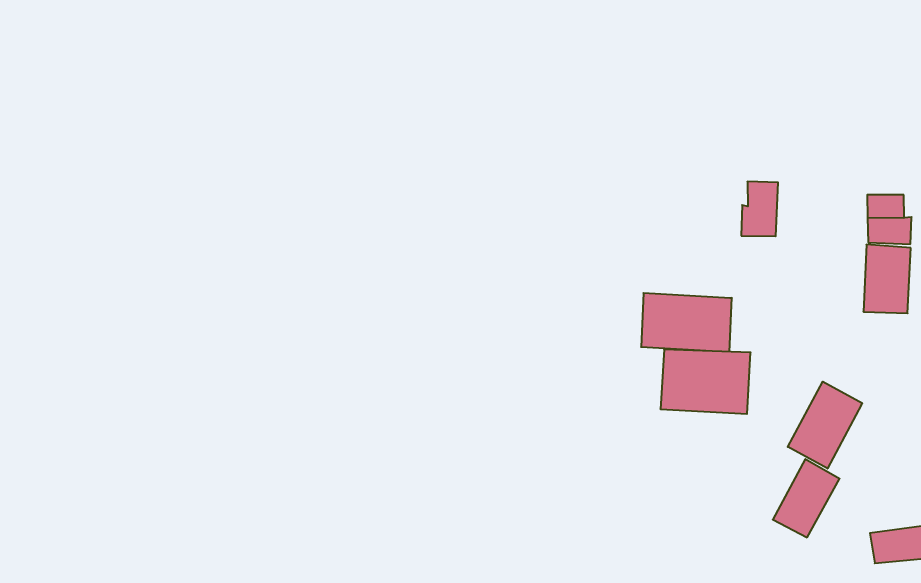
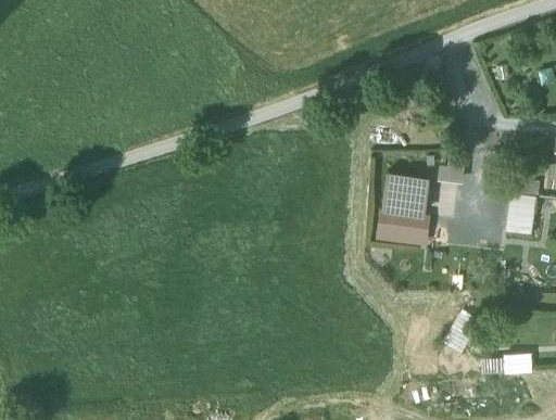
building: [660,349,751,414] -> [381,173,435,214]
building: [788,382,862,469] -> none

